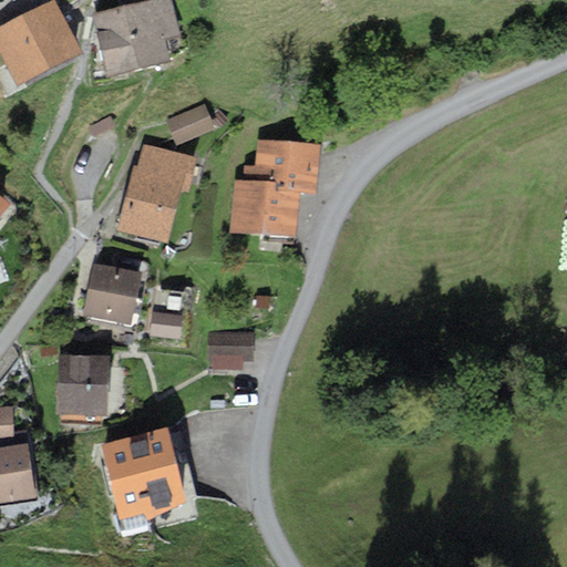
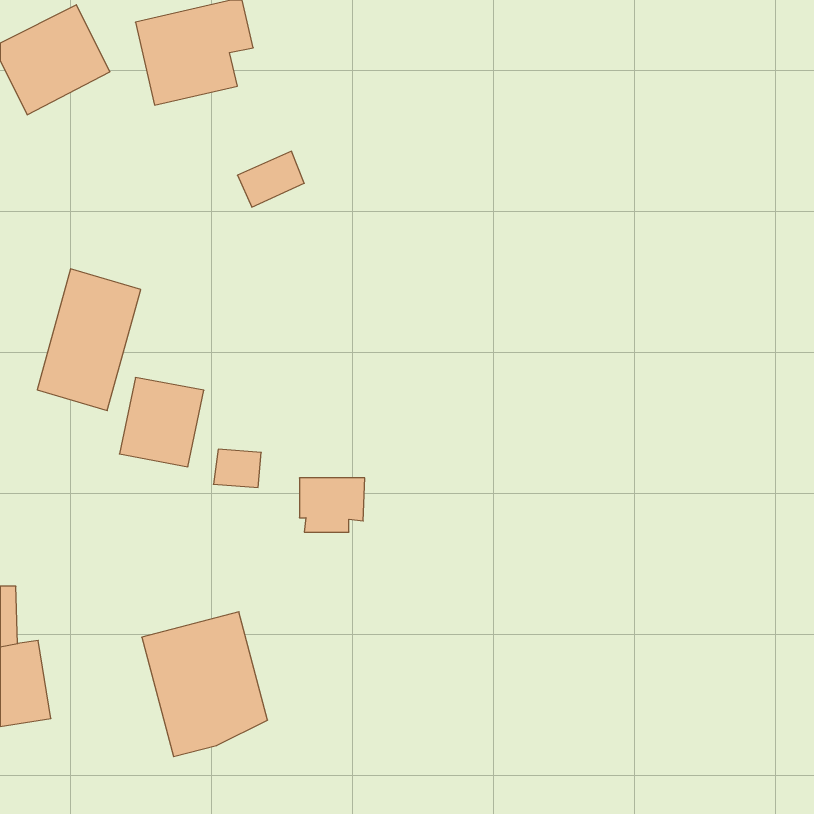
building: [230,141,318,237] -> none
building: [118,142,190,240] -> [37,269,141,411]
building: [54,354,109,415] -> none

